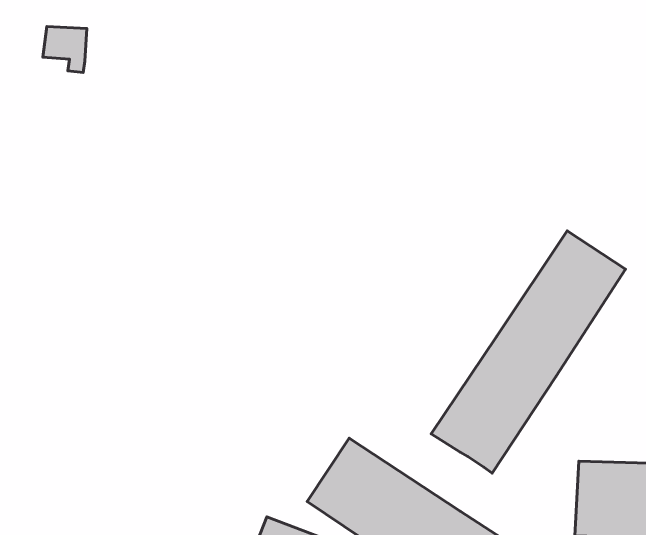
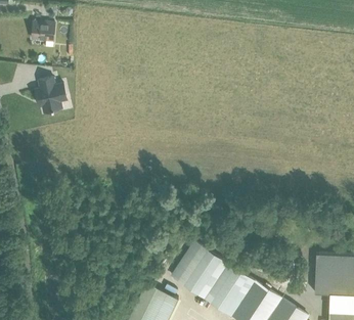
building: none -> [34,79,67,113]
building: [431,231,626,473] -> none

